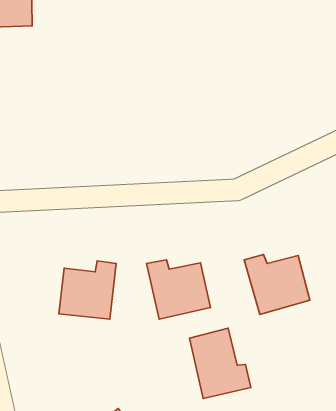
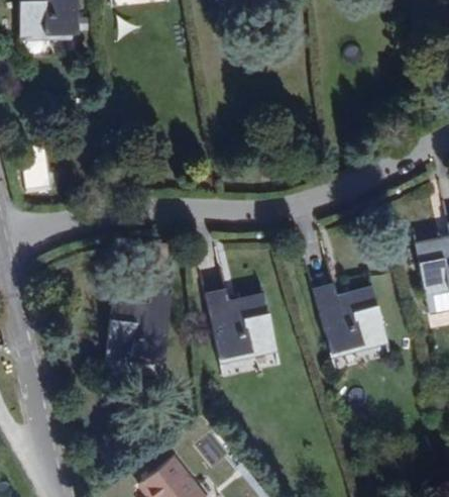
building: [190,328,251,398] -> none

